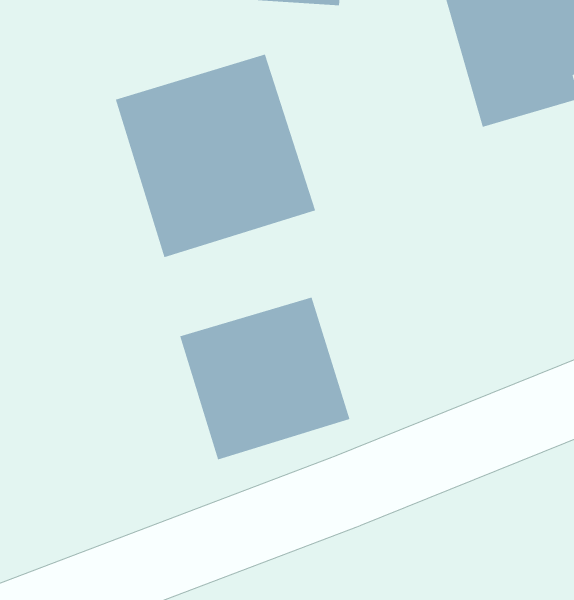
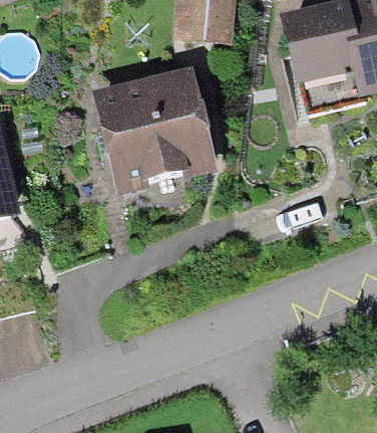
building: [179,297,351,461] -> none

